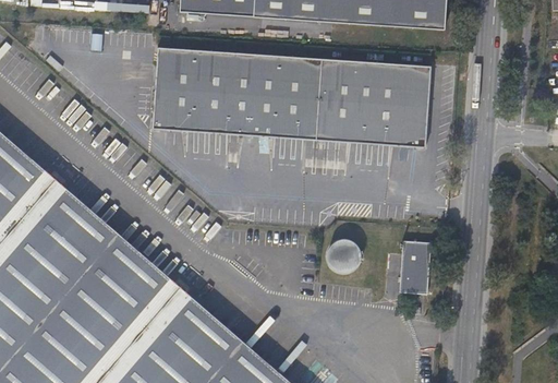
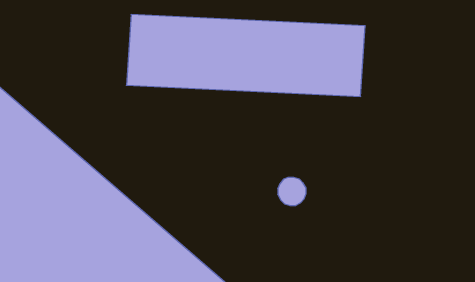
building: [398,240,429,294] -> none

